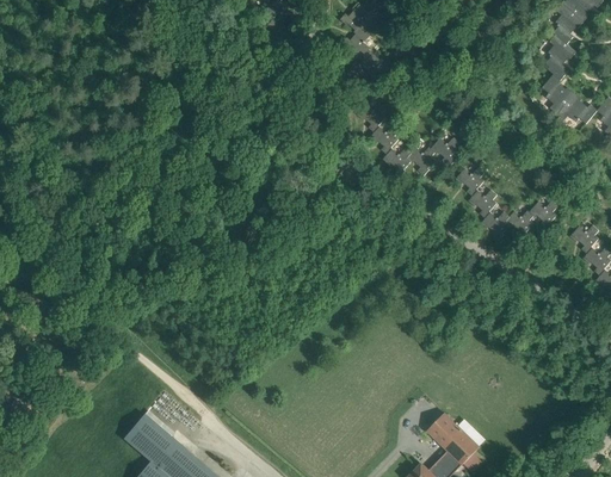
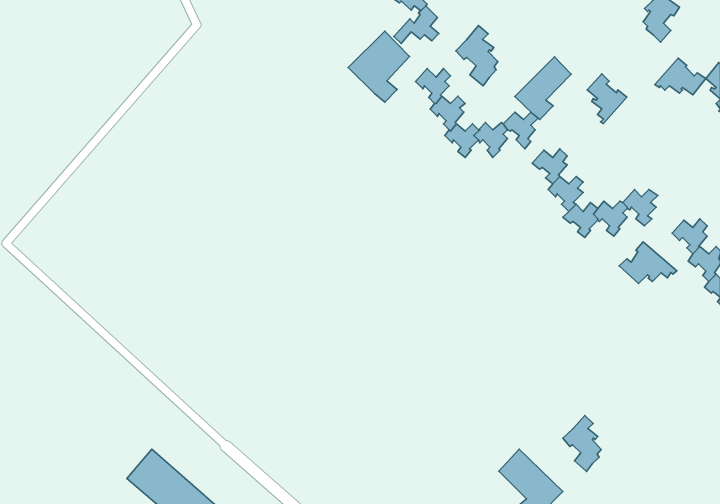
building: none -> [456,25,498,86]
building: none -> [348,31,410,102]
building: [542,75,574,116] -> [587,74,627,123]
building: none -> [515,57,571,119]
building: none -> [619,242,677,284]
building: none -> [563,416,601,471]

